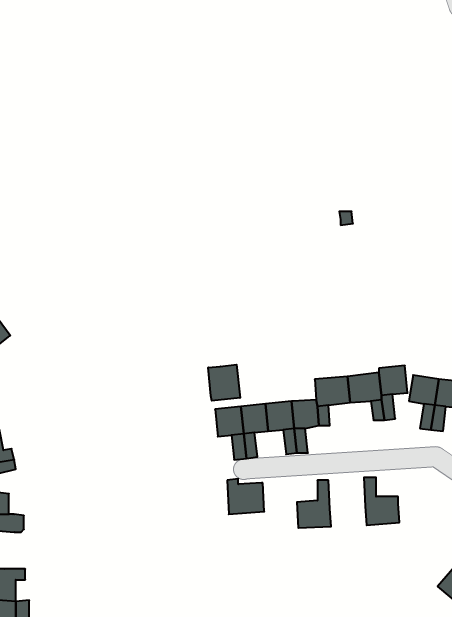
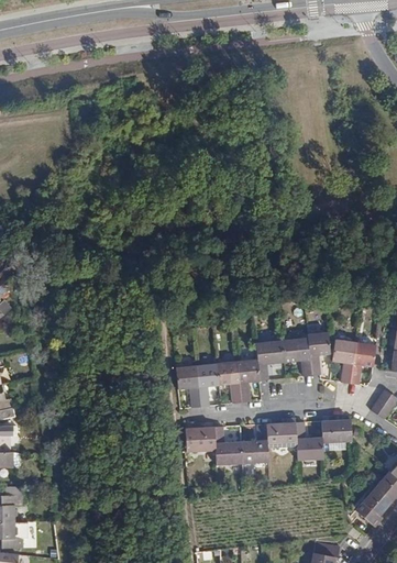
building: [208,365,240,401] -> none
building: none -> [266,418,296,448]
building: none -> [321,420,351,443]
building: none -> [213,427,242,464]

